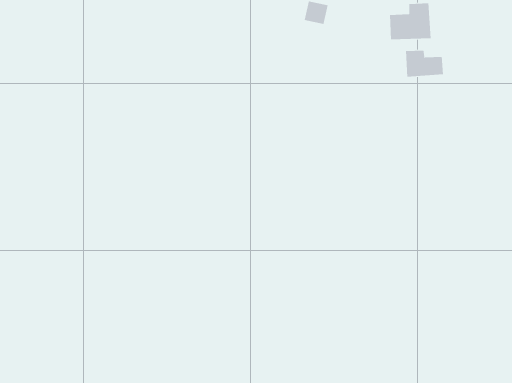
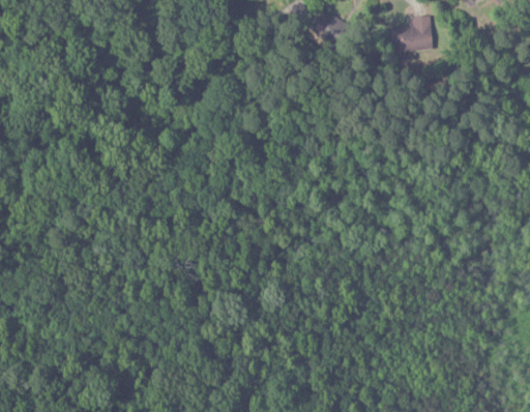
building: [406,50,443,78] -> none

